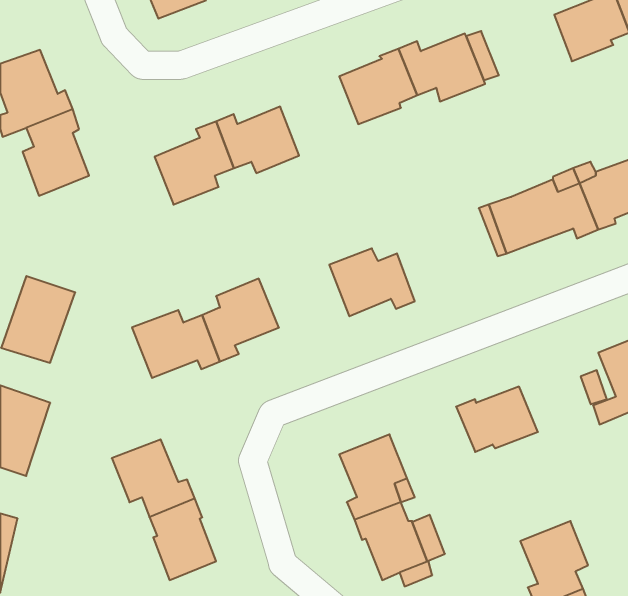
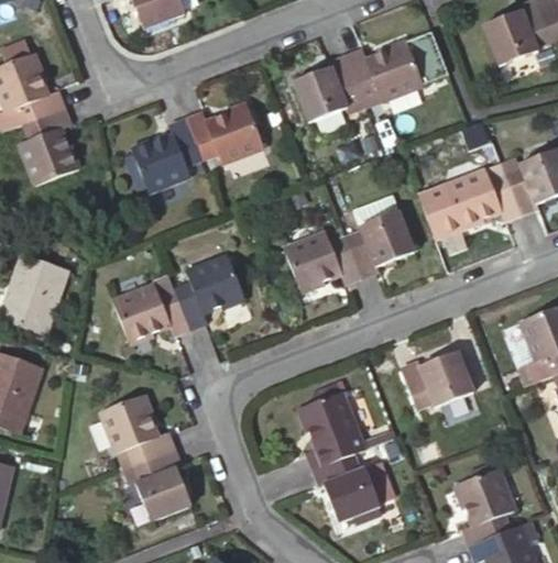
building: none -> [348,211,414,275]

